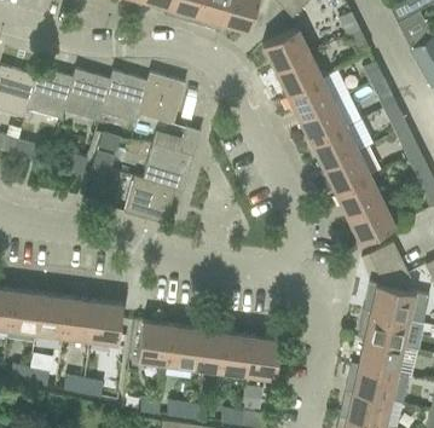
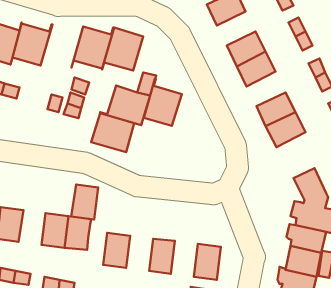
building: [276,53,323,94] -> none
building: [62,69,114,121] -> none
building: [312,126,359,168] -> none
building: none -> [144,79,182,126]
building: [348,199,395,242] -> none
building: [35,294,68,336] -> [71,185,98,219]
building: [166,325,198,368] -> none
building: [220,331,253,375] -> none

